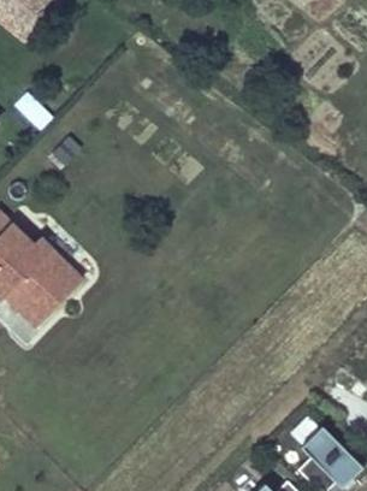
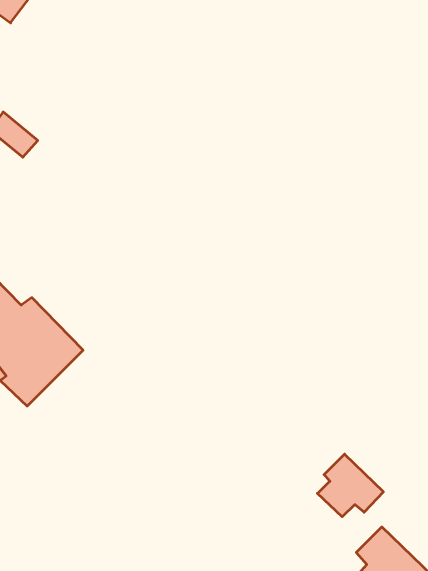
building: none -> [317,454,383,517]

